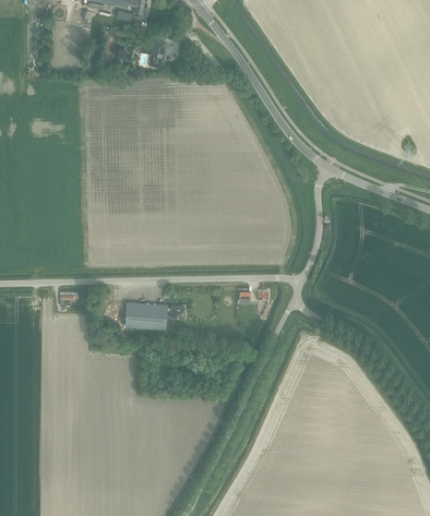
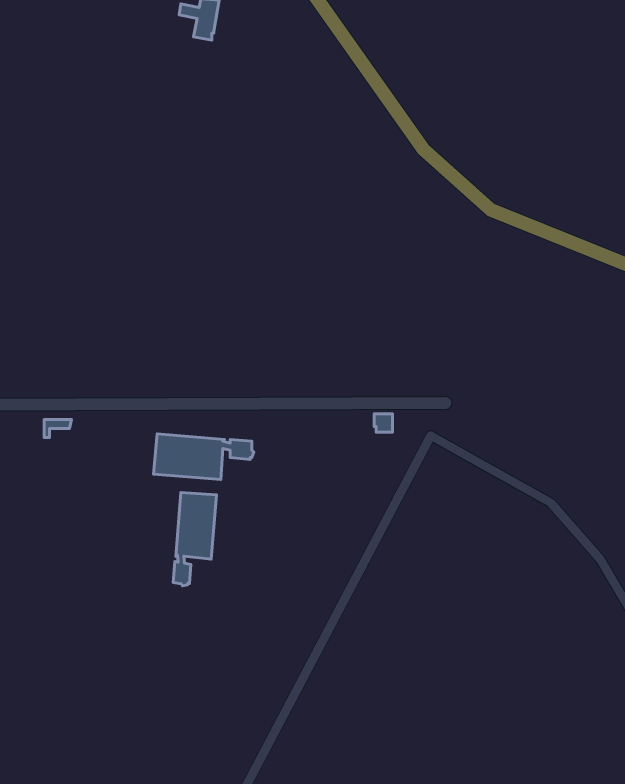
building: none -> [173,492,216,586]

